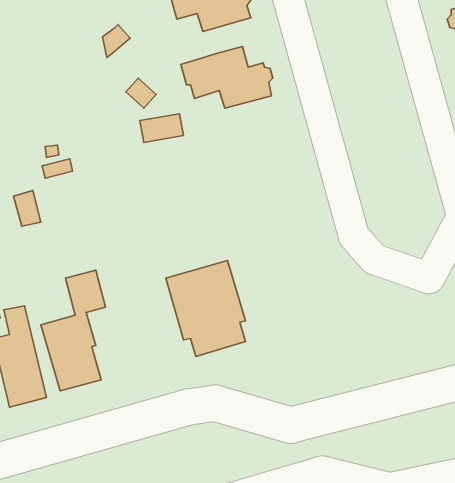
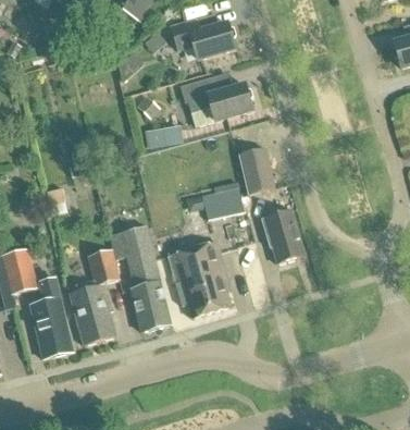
building: none -> [238,148,274,194]
building: none -> [186,186,248,232]
building: none -> [260,208,305,262]
building: none -> [110,224,171,330]

